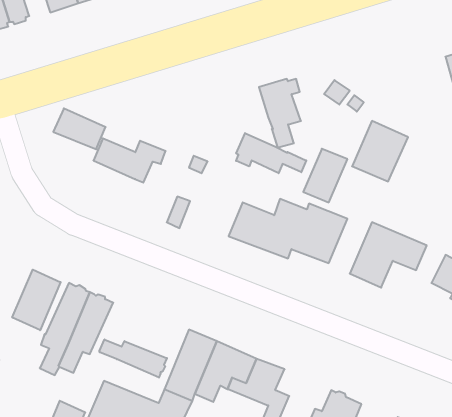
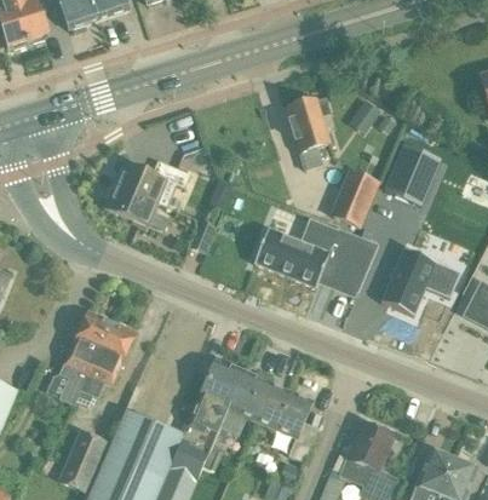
building: [53,108,106,149] -> [103,183,157,225]
building: [236,133,306,173] -> none
building: [12,270,61,330] -> none
building: [100,339,167,378] -> none

